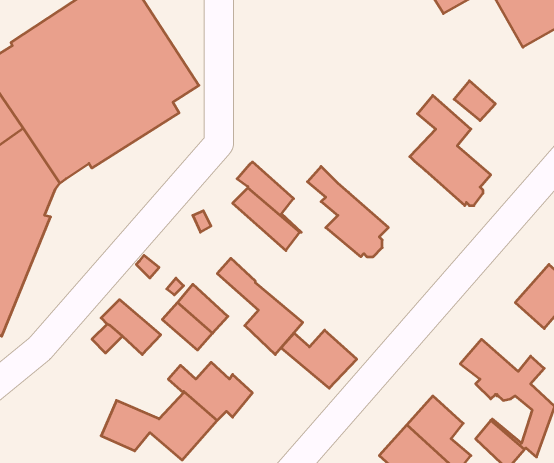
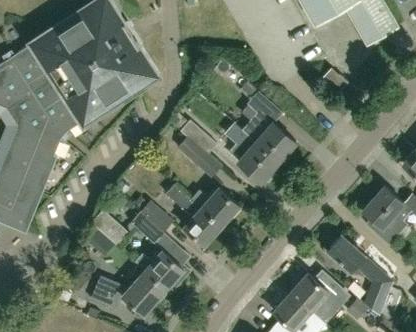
building: [410,95,491,206] -> [243,91,296,163]
building: [282,330,357,388] -> [192,187,241,225]

